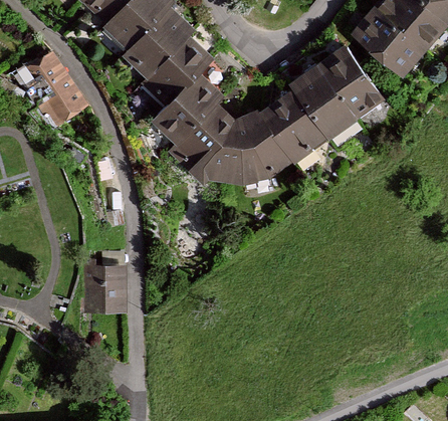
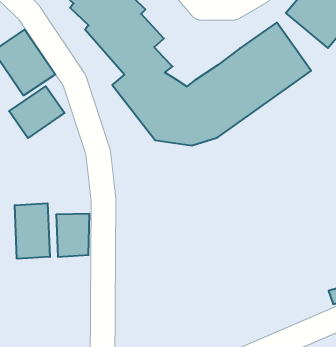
building: none -> [9,86,65,138]
building: none -> [15,203,50,259]

